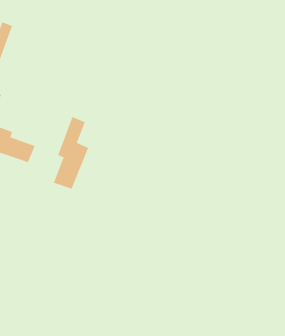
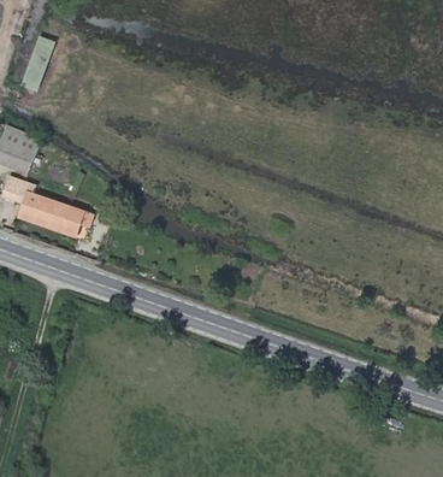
building: [53,116,89,190] -> none

